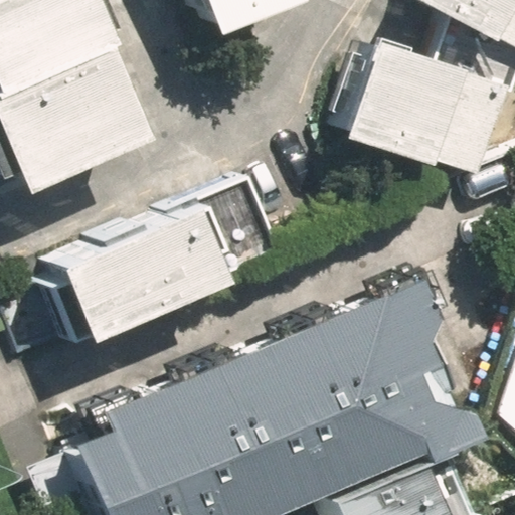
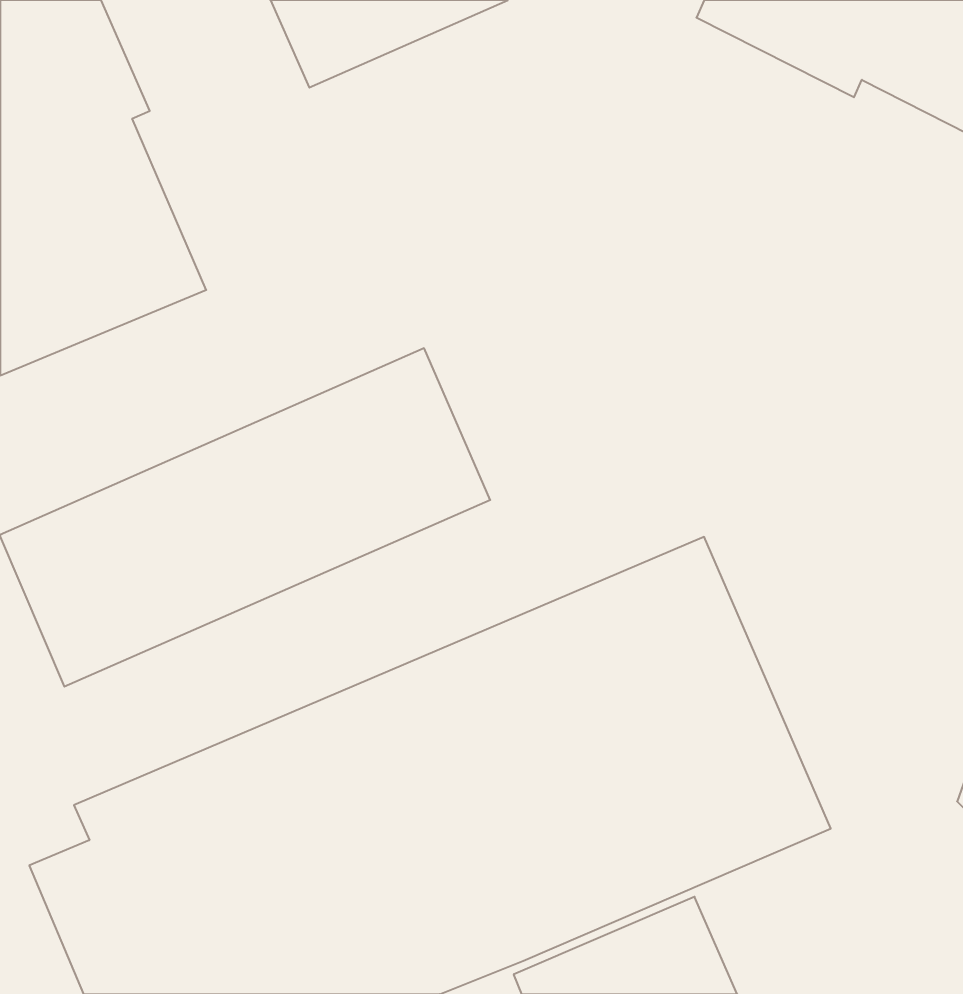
building: [311,59,486,181] -> none

